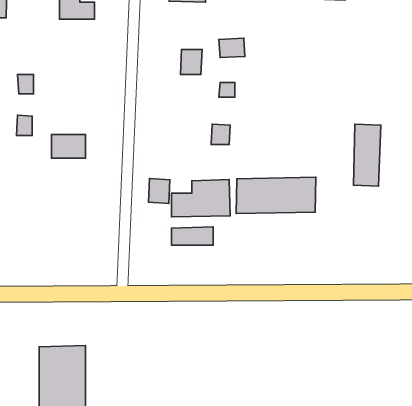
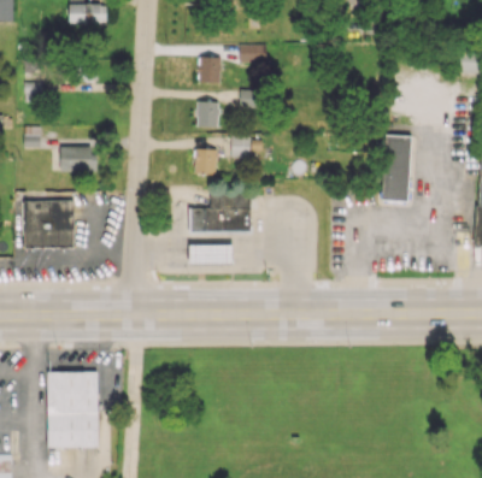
building: none -> [196,101,218,126]
building: [236,177,316,214] -> none
building: [148,179,170,203] -> [194,148,217,175]
building: none -> [23,200,74,247]

